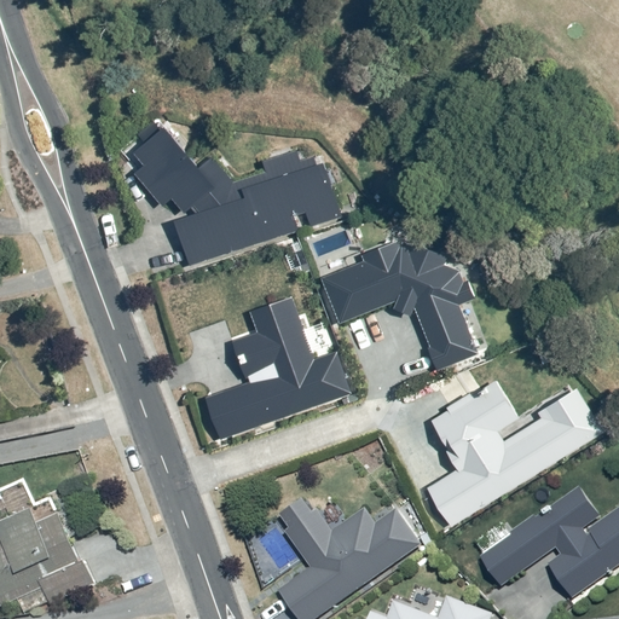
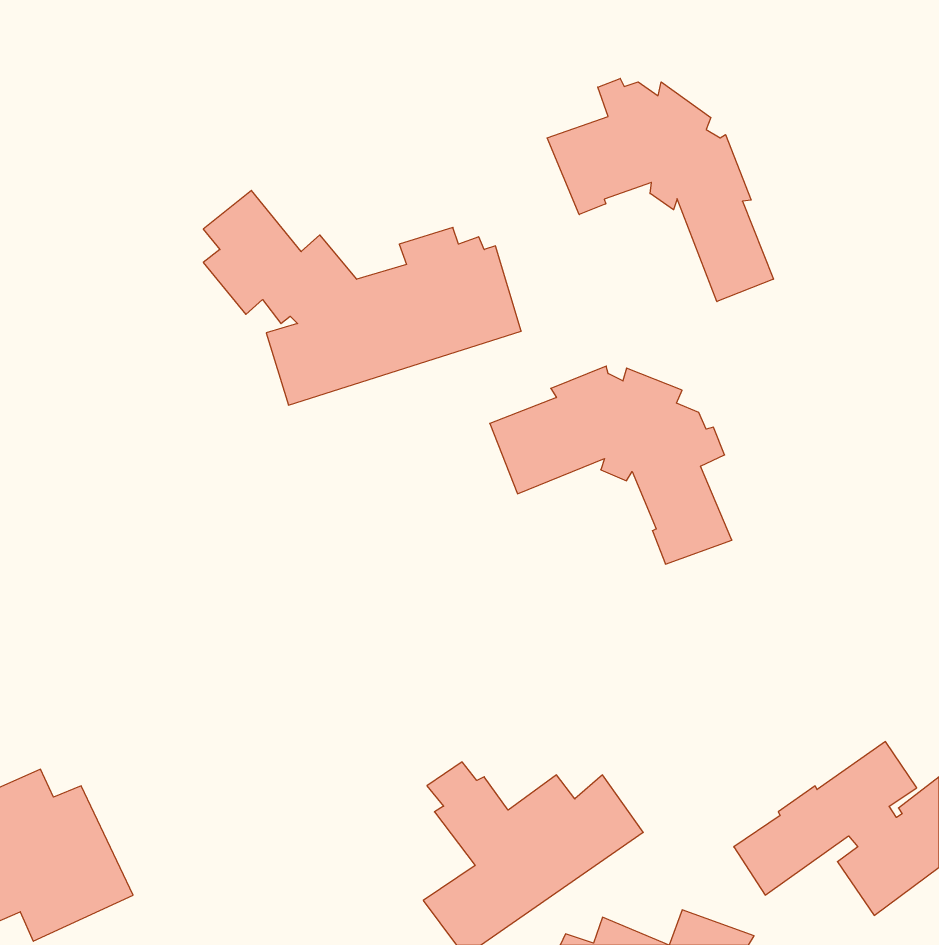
building: none -> [547,78,773,302]
building: [206,295,352,438] -> none
building: [426,380,603,526] -> none

